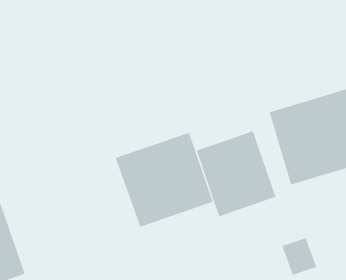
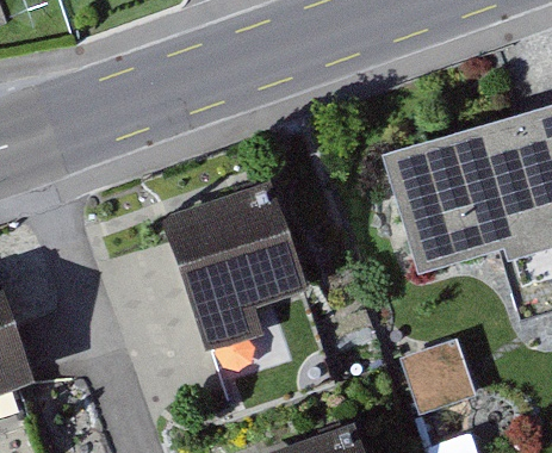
building: [196,131,276,217] -> none

